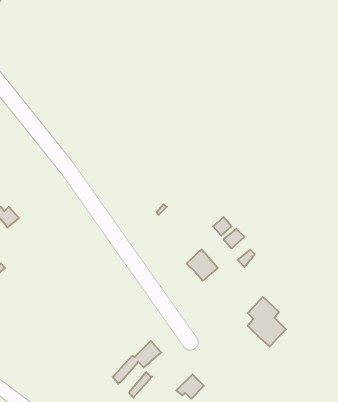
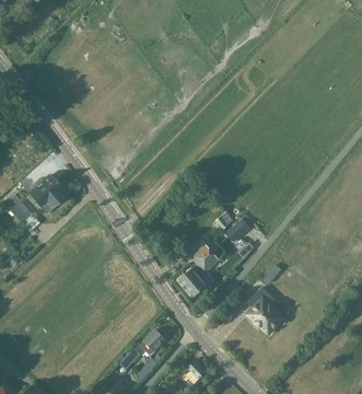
building: none -> [26,176,62,208]
building: none -> [179,265,207,297]

